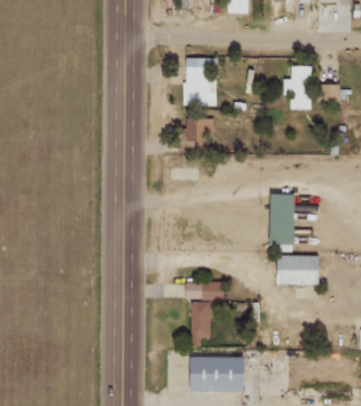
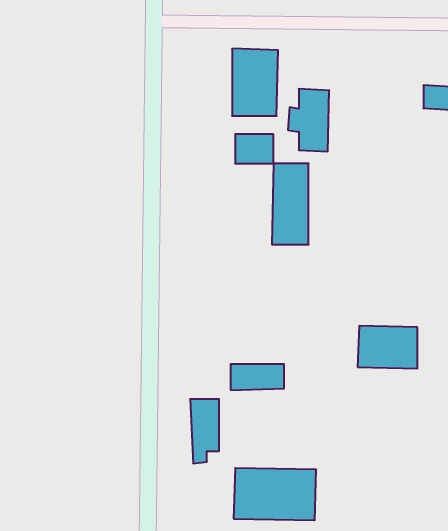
building: [283,65,312,110] -> [288,89,329,152]
building: [267,193,294,251] -> [272,163,309,245]
building: [189,301,210,346] -> [190,399,219,463]

